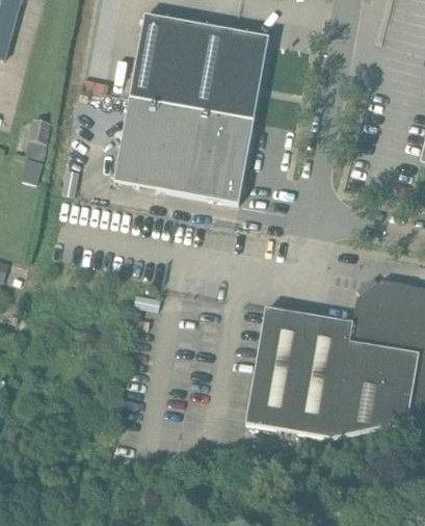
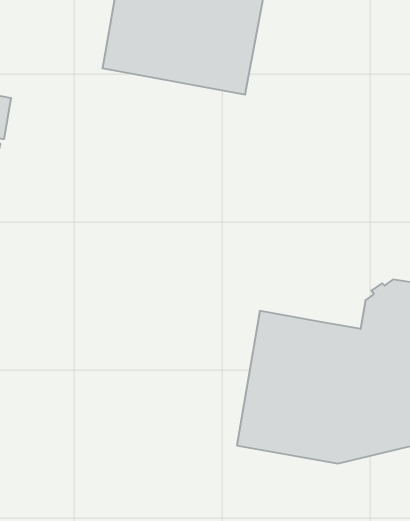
building: [114,96,254,203] -> none

